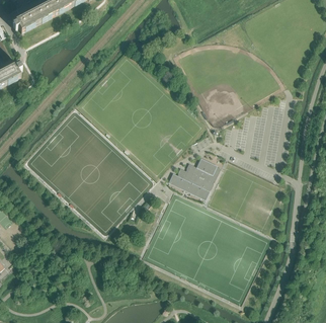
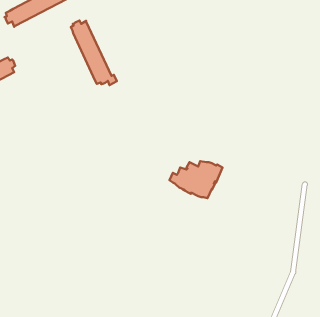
building: none -> [71,20,117,85]

